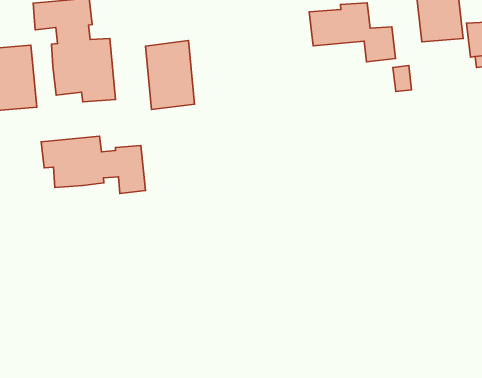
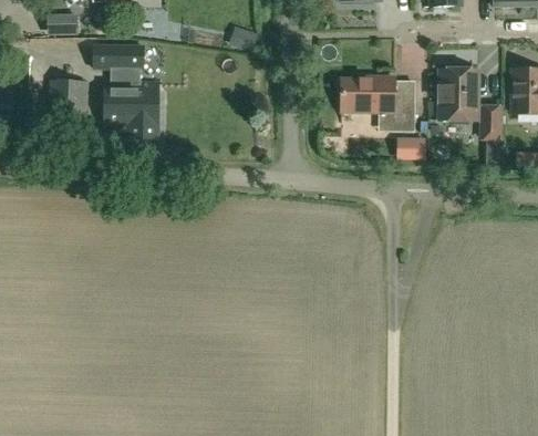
building: [145,41,195,110] -> none
building: [41,136,145,193] -> none

